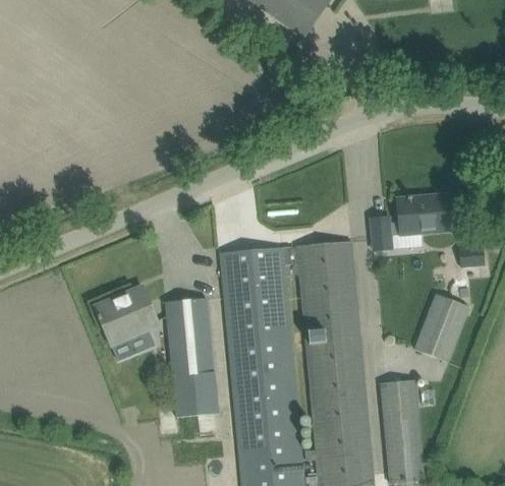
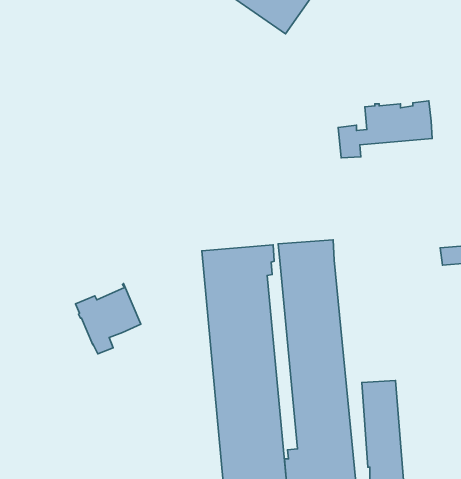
building: [371,192,464,249] -> [338,101,432,158]
building: [414,293,469,360] -> none
building: [166,298,218,418] -> none

